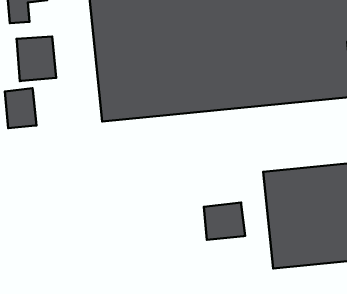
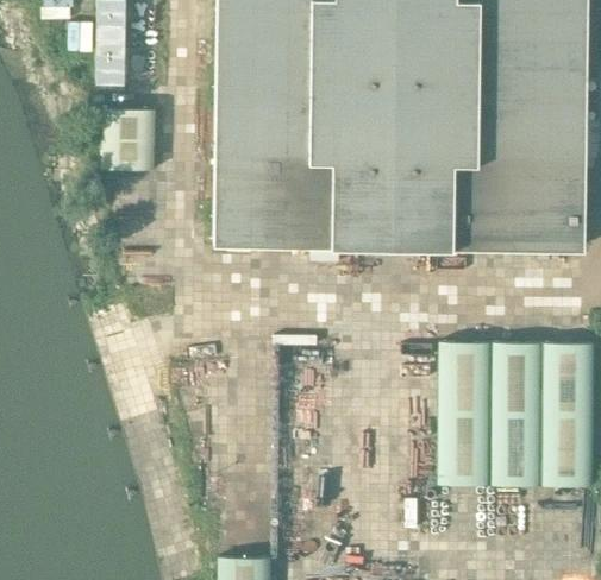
building: [5,88,37,128] -> none
building: [204,202,245,240] -> none

